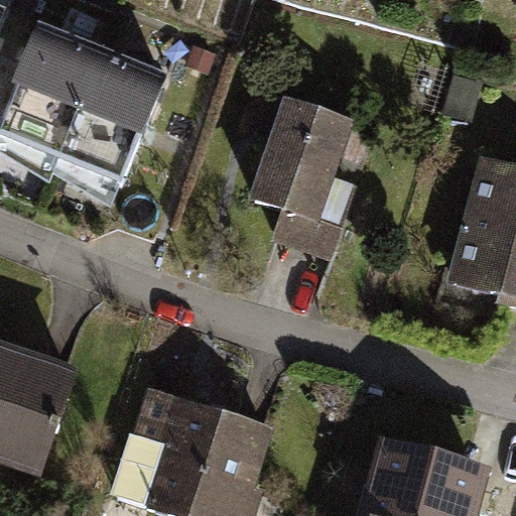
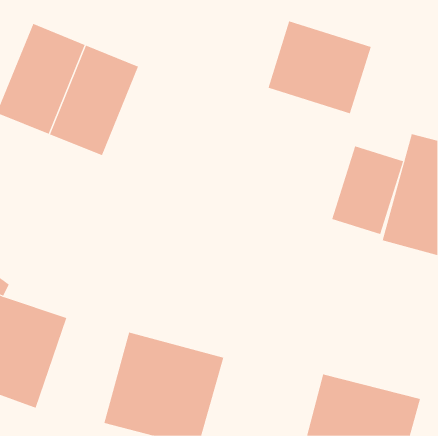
building: none -> [268,21,372,114]
building: [251,100,359,268] -> none
building: none -> [331,145,404,235]

